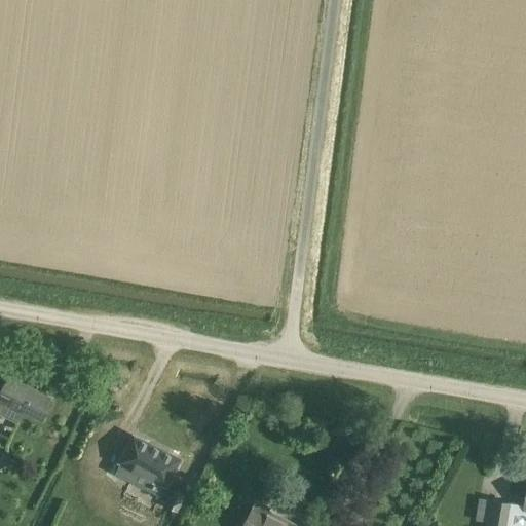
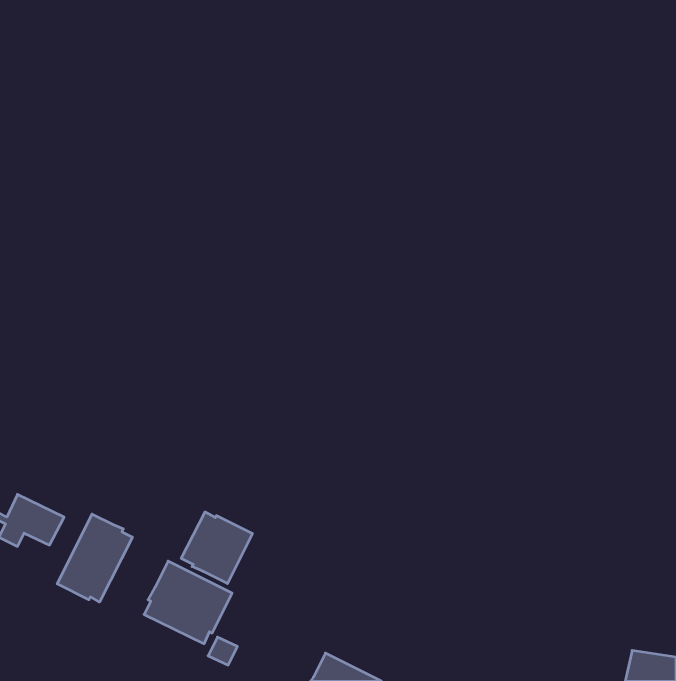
building: none -> [181,512,252,584]
building: none -> [57,514,132,602]

